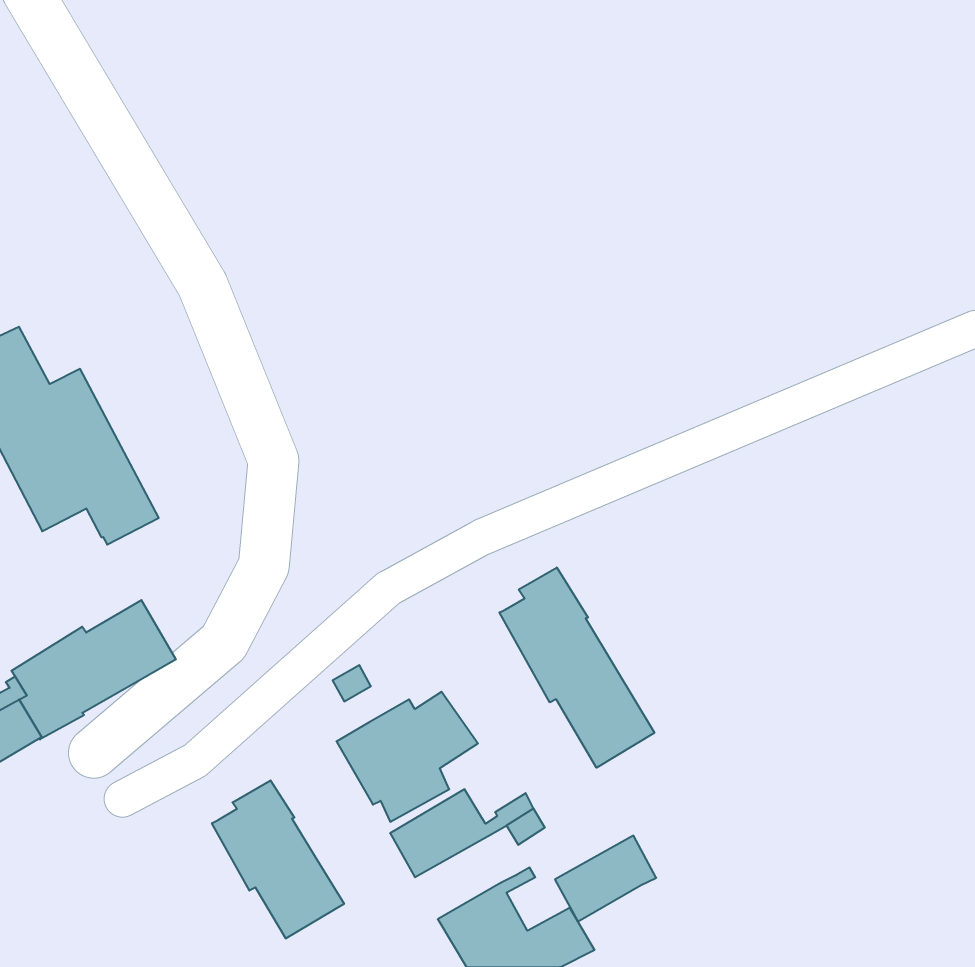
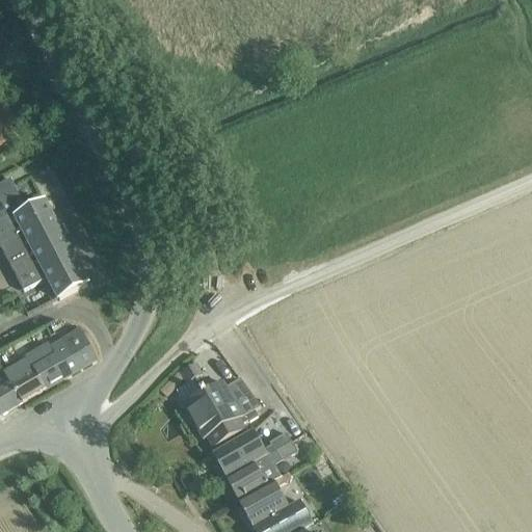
building: [499,567,654,768] -> none
building: [212,780,344,939] -> none
building: [555,836,656,922] -> [225,453,281,500]

